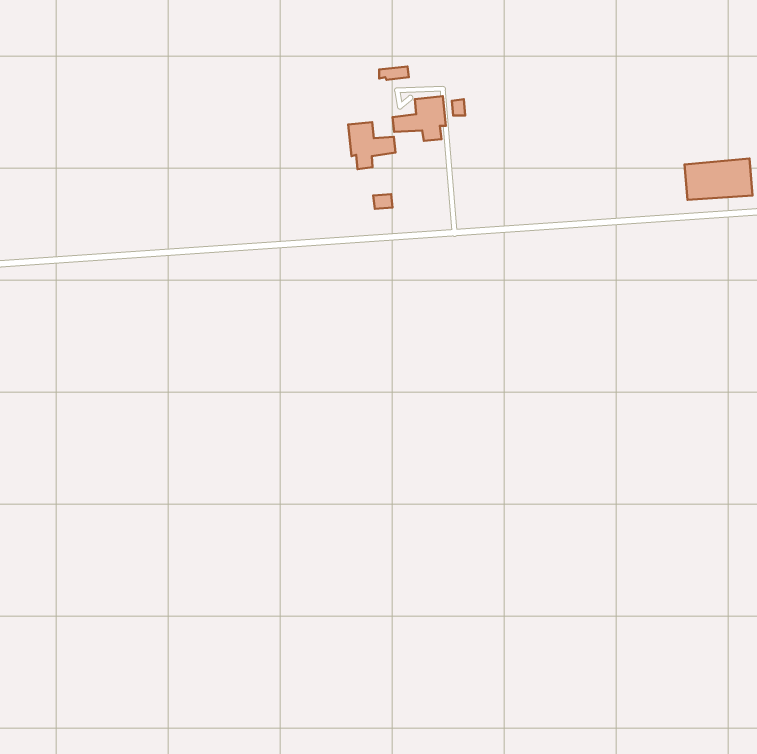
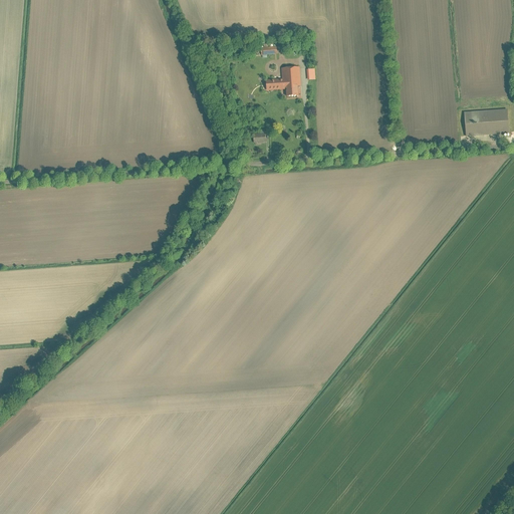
building: [348,122,395,169] -> none

